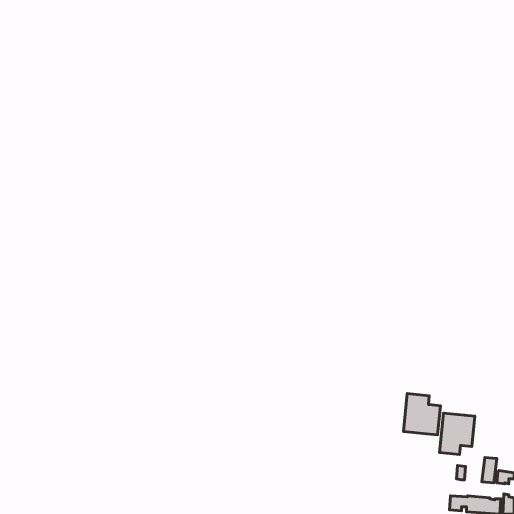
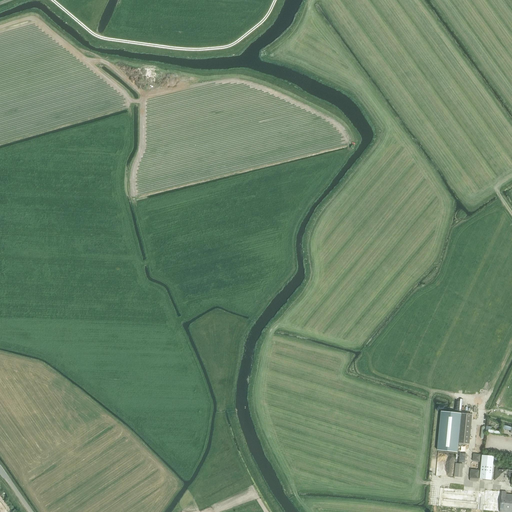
building: [404,394,440,435] -> none

